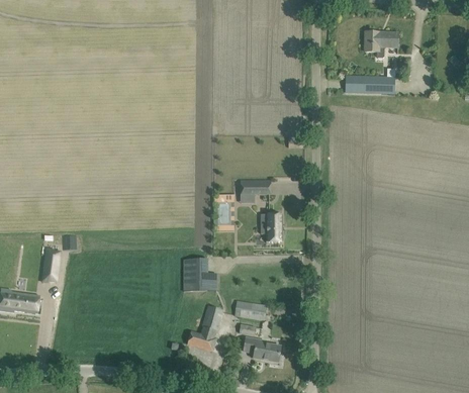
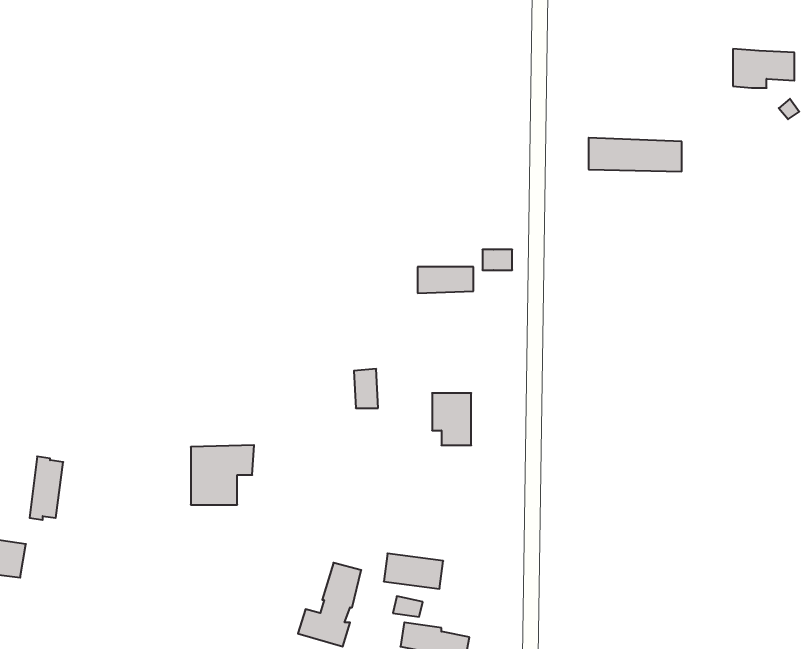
building: [364,31,397,53] -> [733,49,794,88]
building: [240,181,270,195] -> [418,267,473,293]
building: [182,259,216,291] -> [191,445,254,505]

